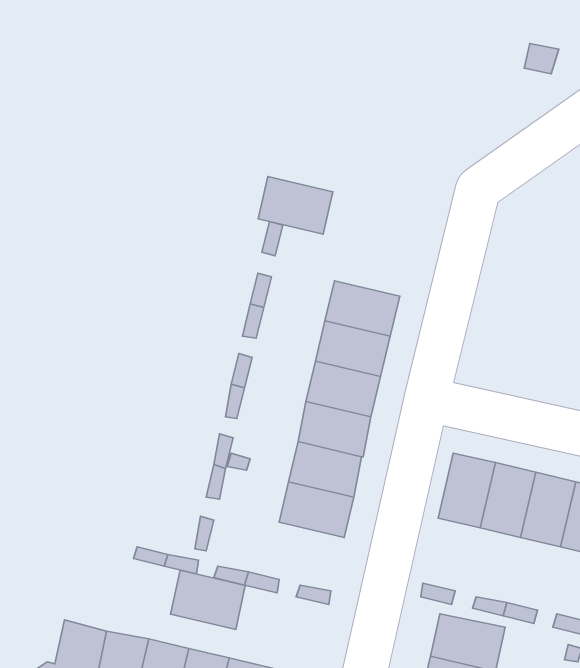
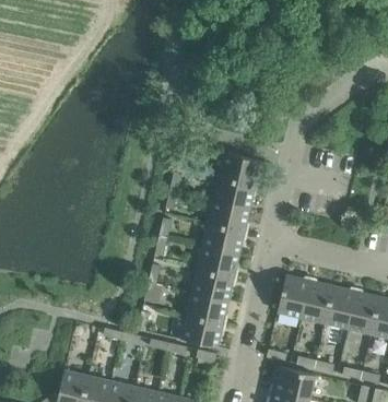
building: [258,177,333,234] -> [219,153,261,186]
building: [171,570,245,629] -> [181,315,224,348]

